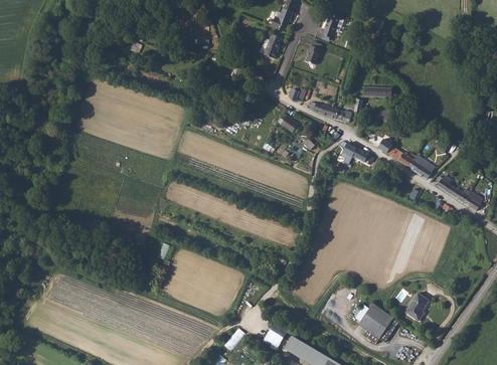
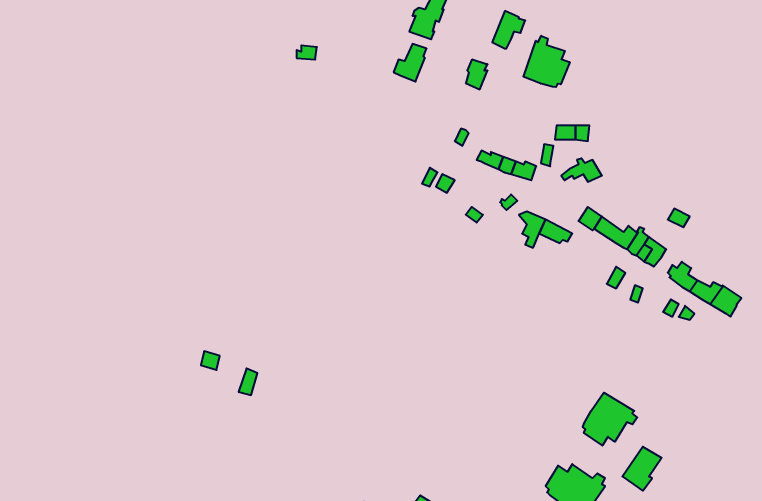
building: none -> [523,36,570,87]
building: none -> [583,393,637,446]

